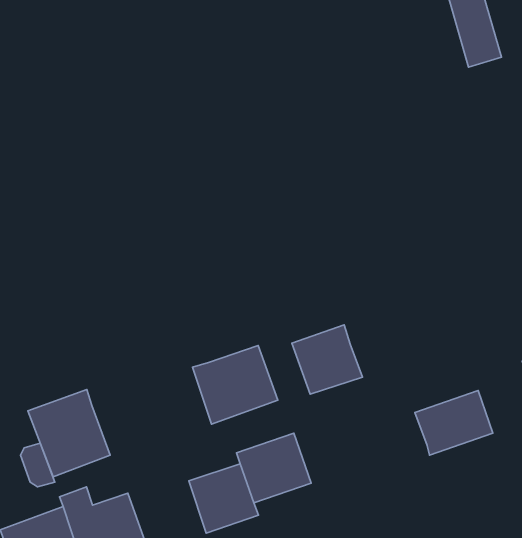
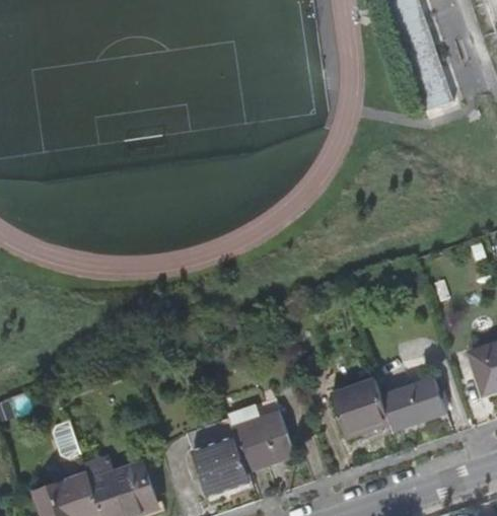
building: [292,325,363,394] -> [332,379,390,437]
building: [192,345,278,424] -> none
building: [28,389,110,477] -> none

